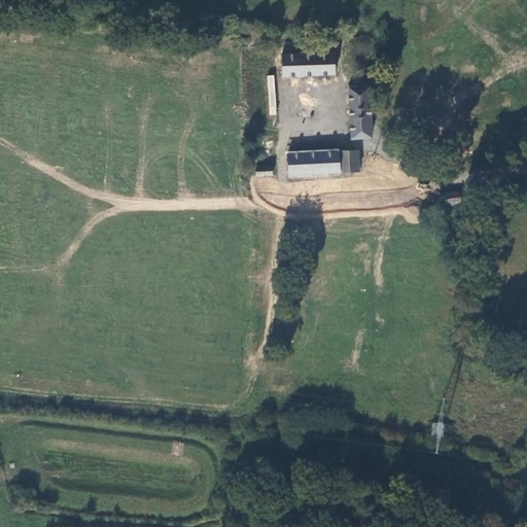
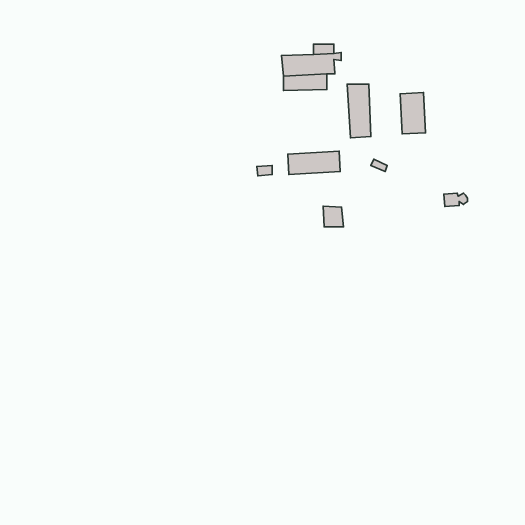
building: none -> [400,92,425,134]
building: [340,151,360,172] -> [323,206,344,227]

